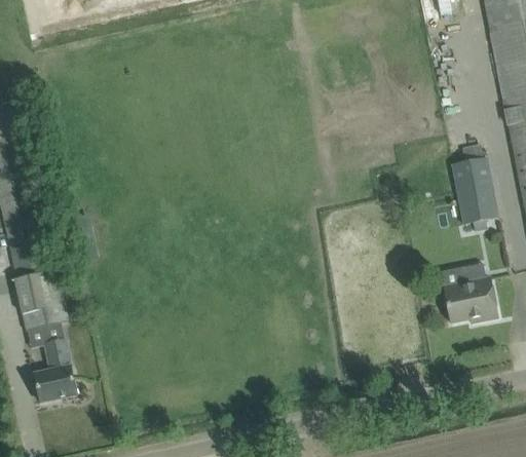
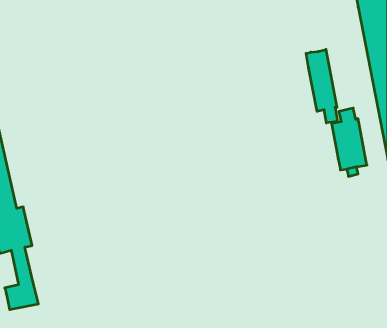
building: none -> [306,49,338,123]
building: [441,263,498,323] -> none

